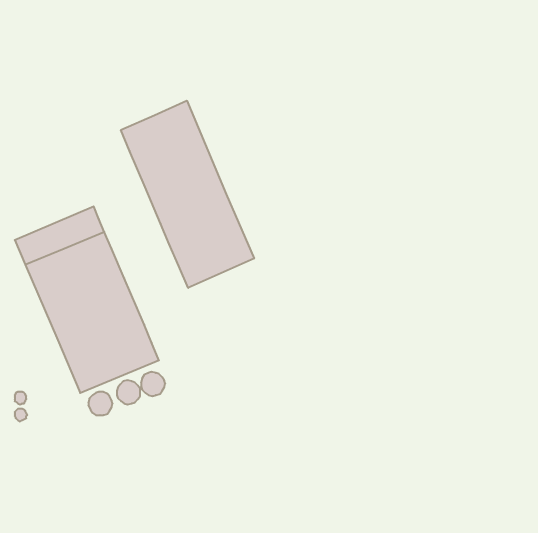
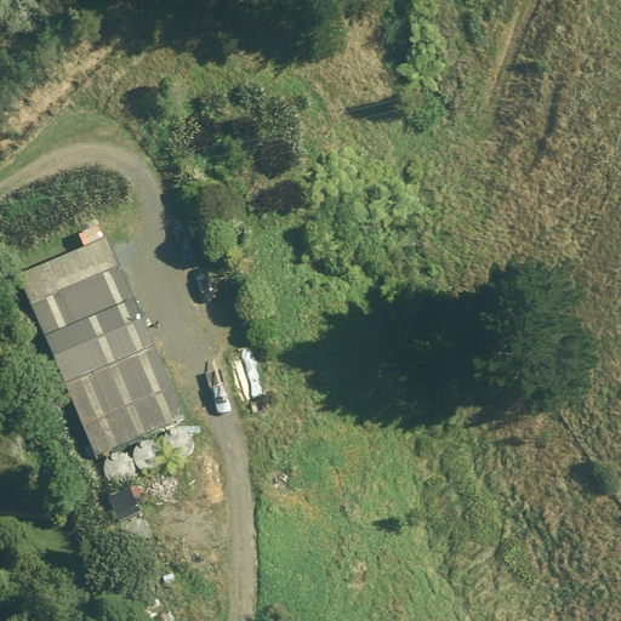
building: [121,101,254,288] -> none

